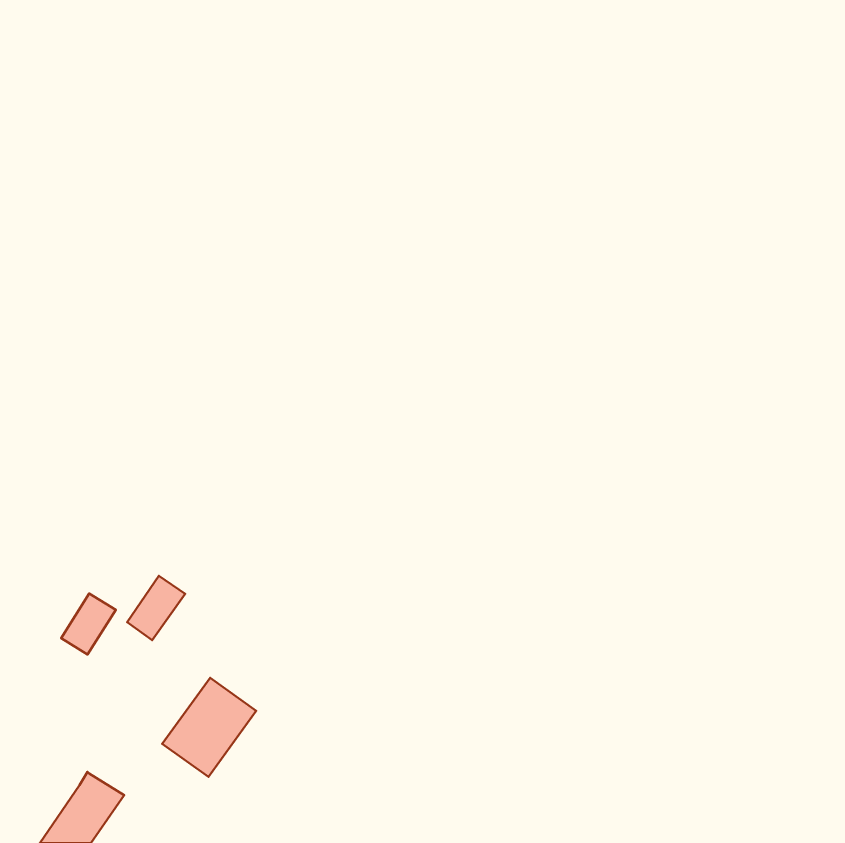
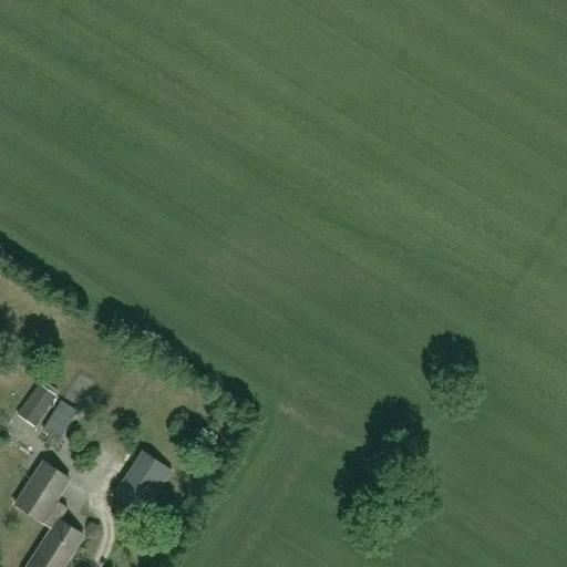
building: [127,576,185,640] -> [19,384,58,427]
building: none -> [16,461,70,526]

